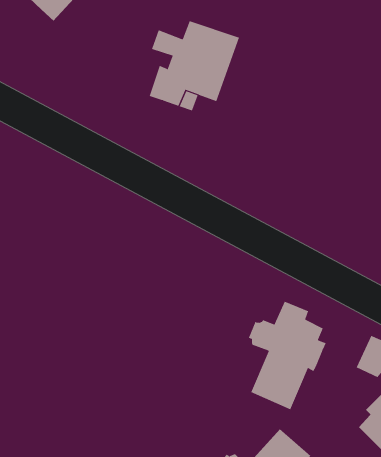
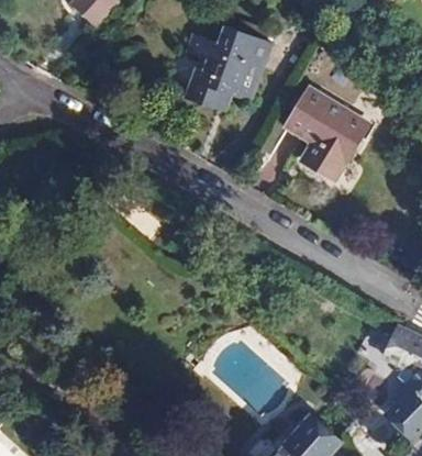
building: none -> [285,87,368,177]
building: [248,301,327,410] -> none

